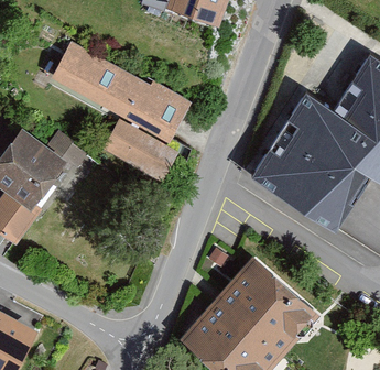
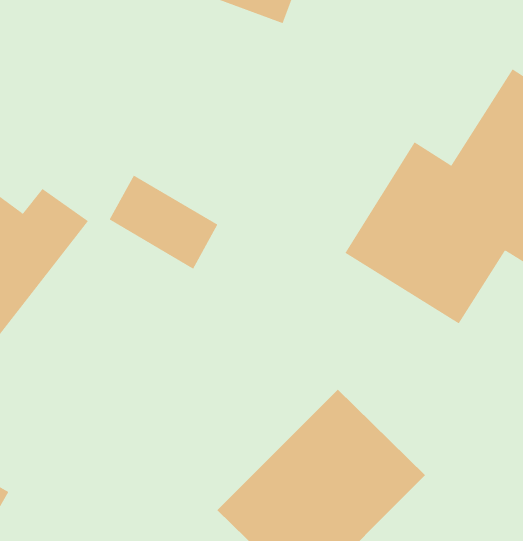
building: [48,40,187,141] -> none

